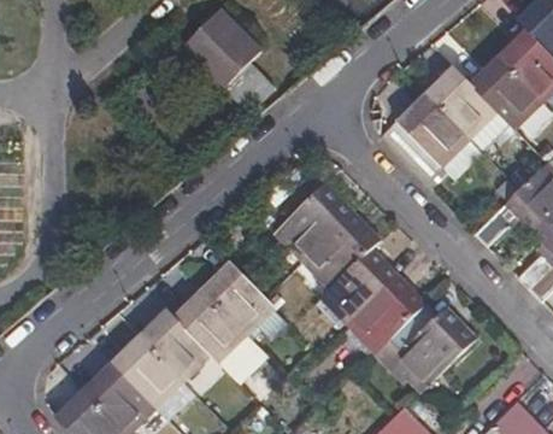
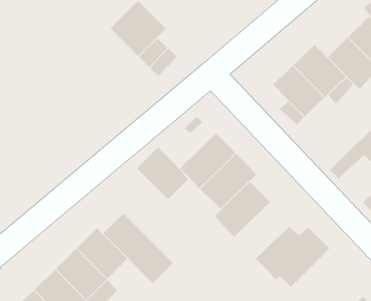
building: [201,262,271,333] -> [136,146,189,200]
building: [347,276,423,351] -> none

